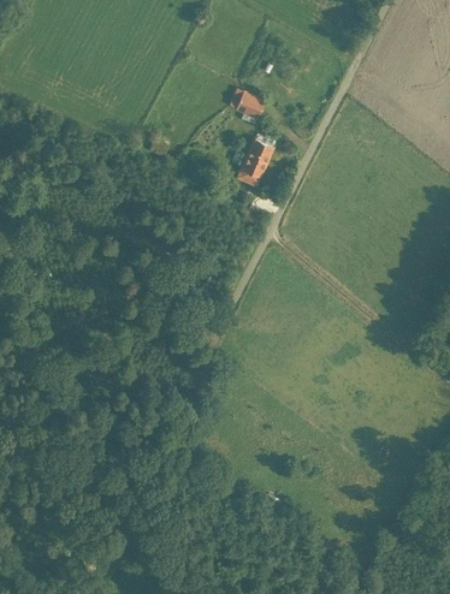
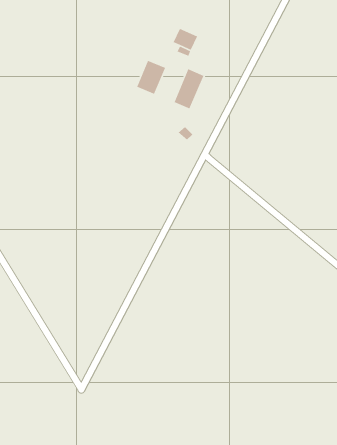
building: none -> [136,60,166,95]

